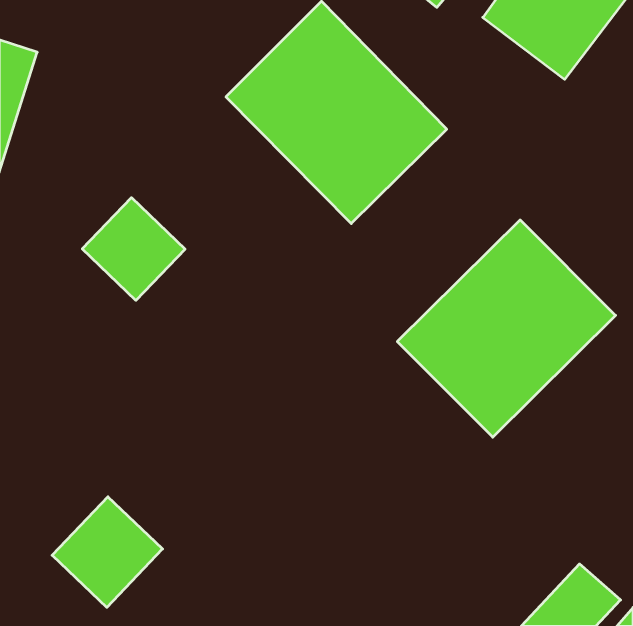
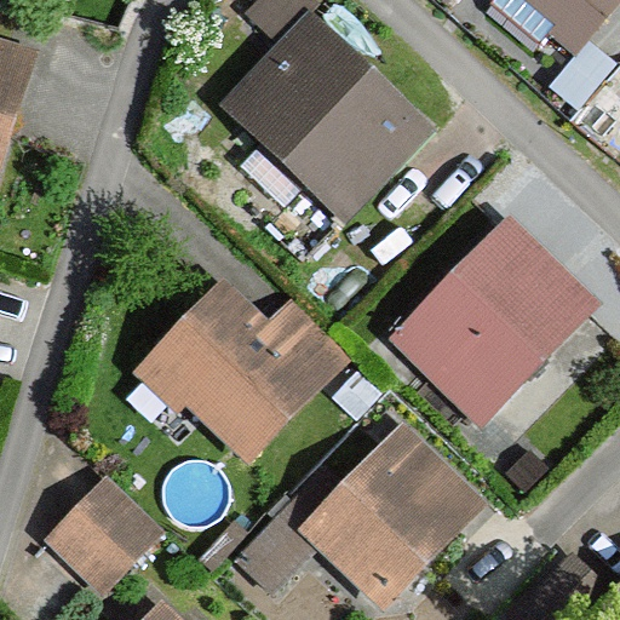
building: [82,198,185,300] -> none
building: none -> [136,288,344,467]
building: none -> [303,427,481,605]

